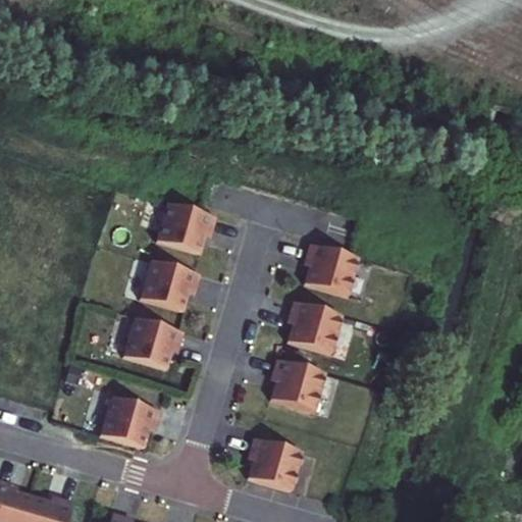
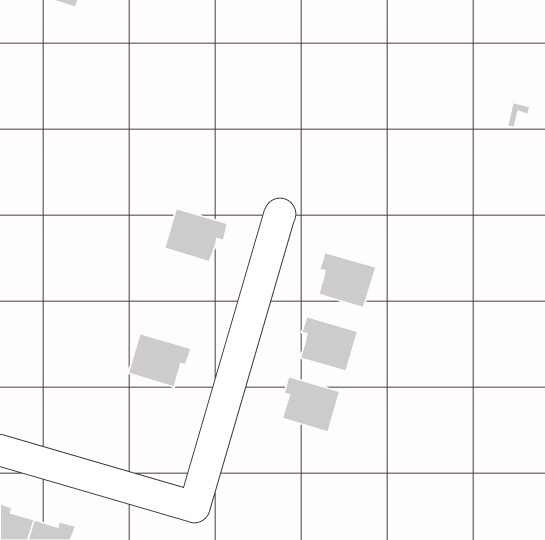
building: [141,256,201,308] -> none
building: [100,397,160,448] -> none
building: [248,437,303,490] -> none

